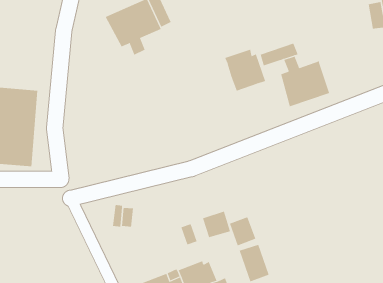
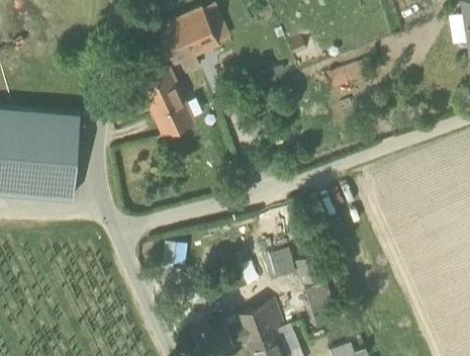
building: [224,49,266,91] -> none
building: none -> [137,68,193,138]
building: [280,56,330,107] -> none

